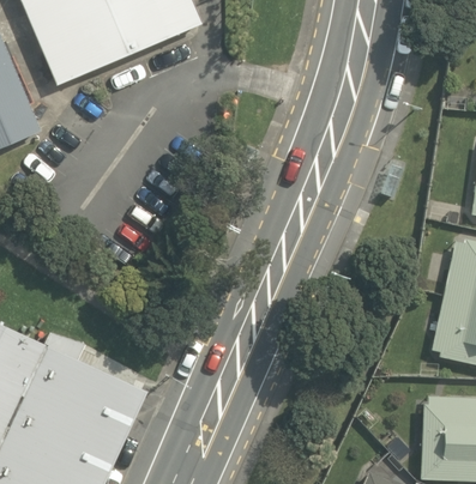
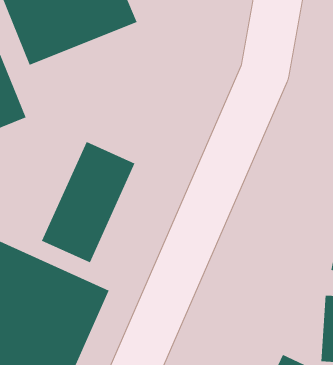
building: none -> [41,141,135,263]

